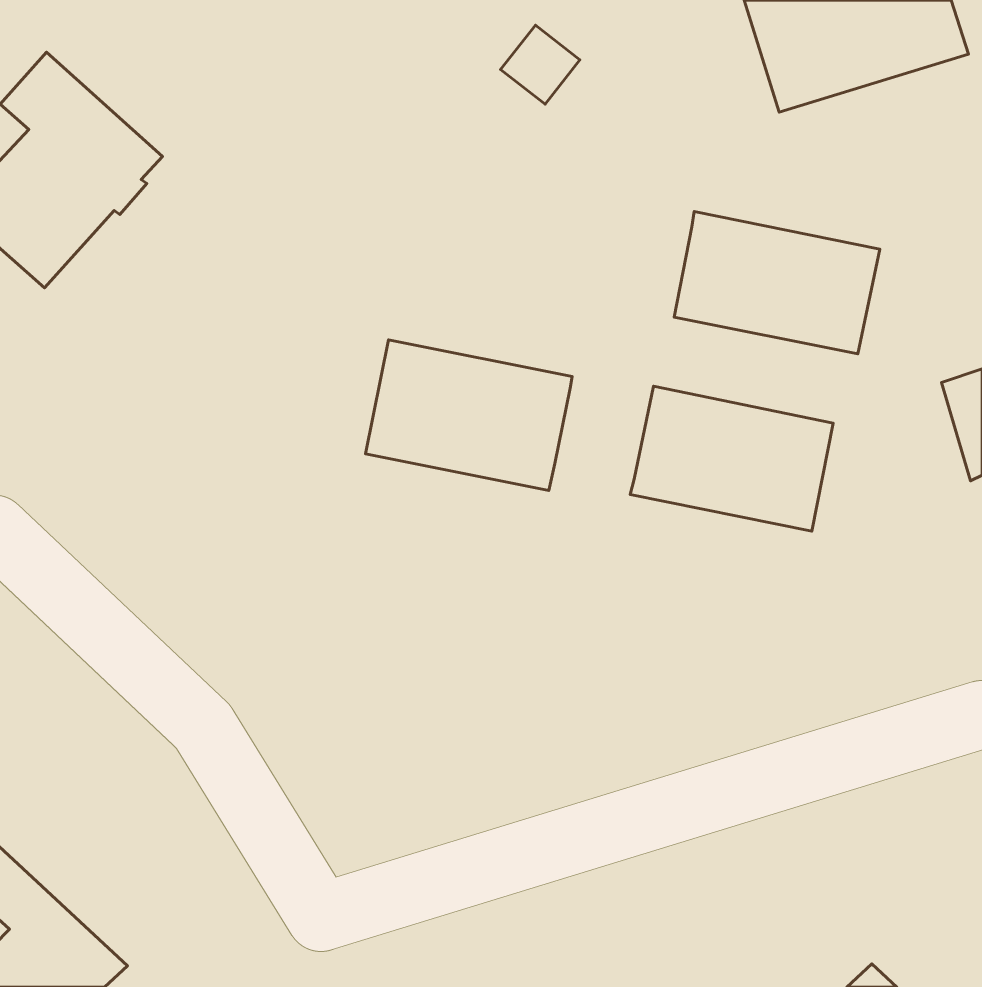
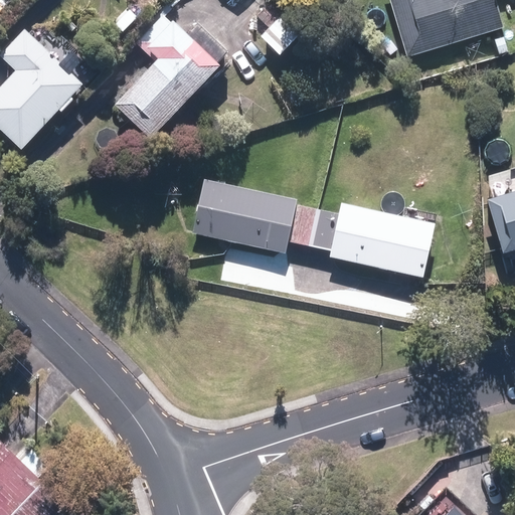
building: none -> [115,18,218,137]
building: [674,212,880,354] -> none
building: none -> [289,202,338,249]

